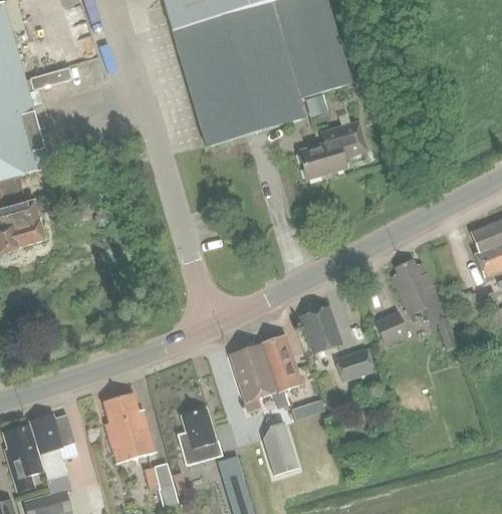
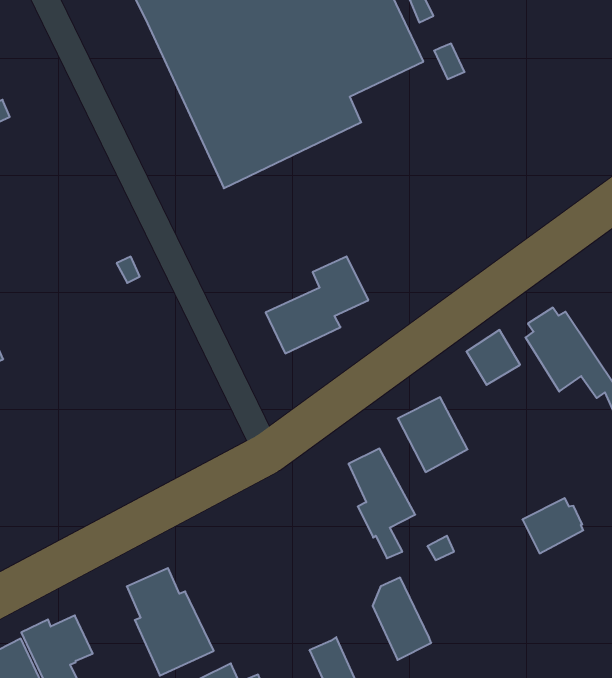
building: [298,120,367,179] -> [266,256,368,353]
building: [374,311,409,346] -> [466,330,520,385]
building: [230,342,271,412] -> none
building: [334,349,373,383] -> [522,498,583,553]
building: [177,408,222,465] -> none

